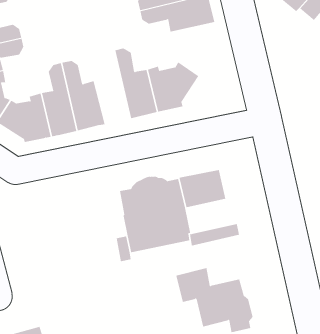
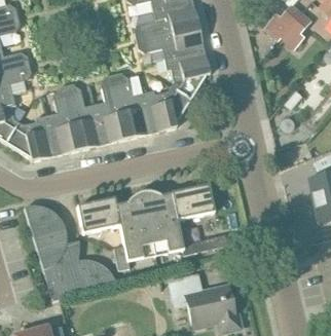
building: none -> [163,49,210,99]
building: none -> [95,75,127,143]
building: none -> [77,196,121,232]
building: none -> [24,204,116,300]

